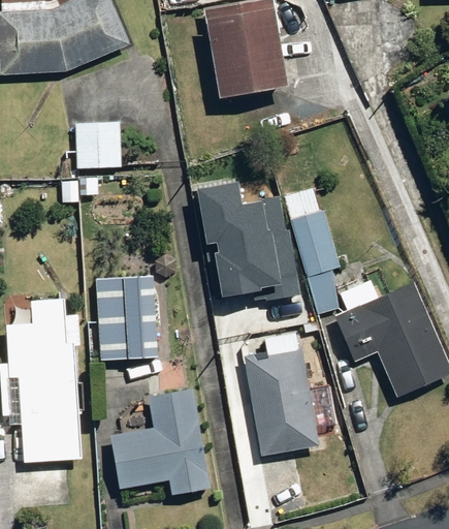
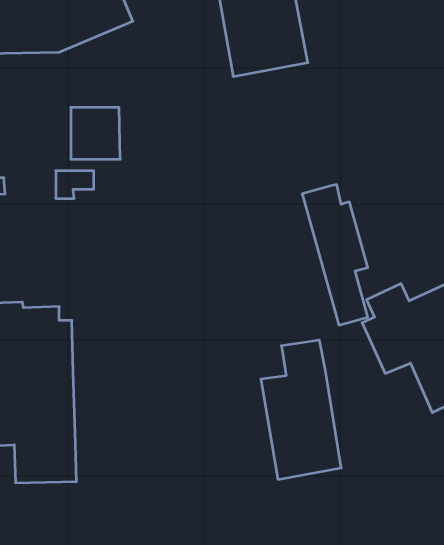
building: [195,176,289,299] -> none
building: [93,283,152,366] -> none
building: [111,388,211,496] -> none

